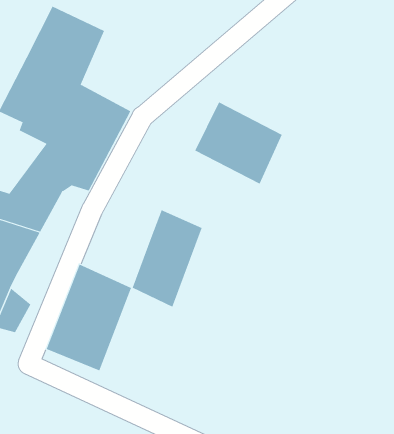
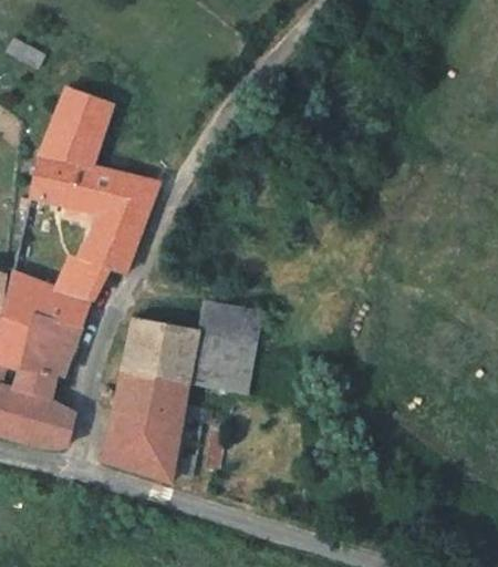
building: [194,101,282,184] -> none
building: none -> [125,310,199,382]

